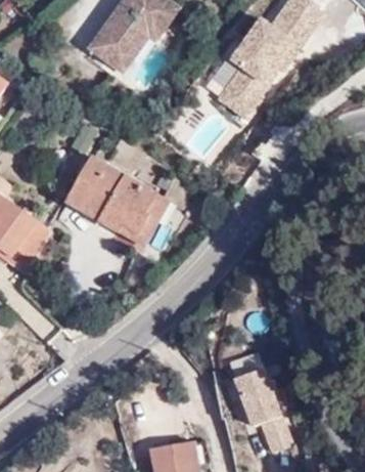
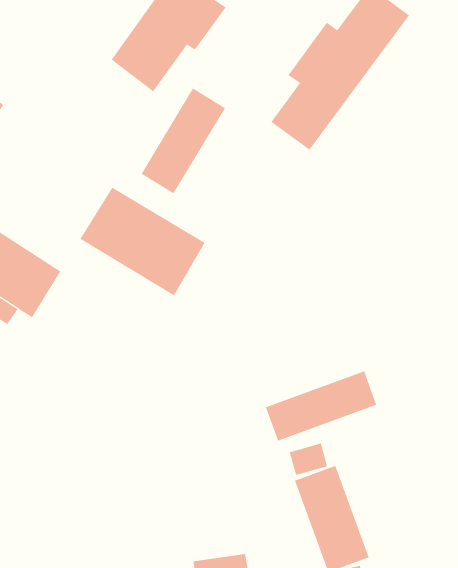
building: none -> [141,88,226,194]
building: none -> [265,370,377,441]

